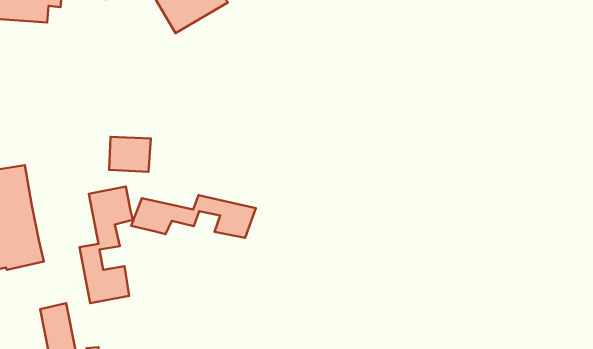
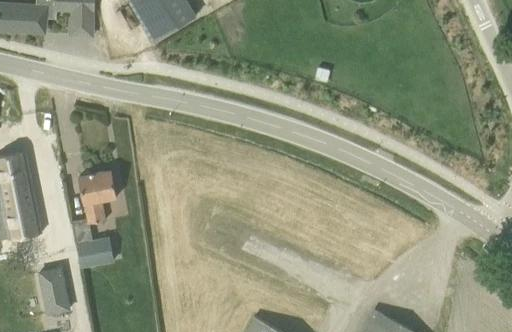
building: [109,137,151,172] -> none
building: [131,195,256,238] -> none

